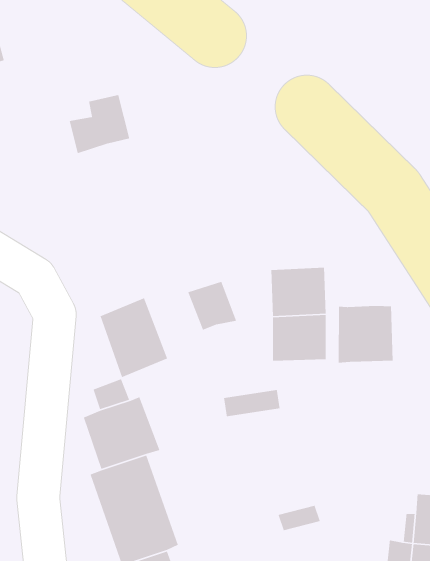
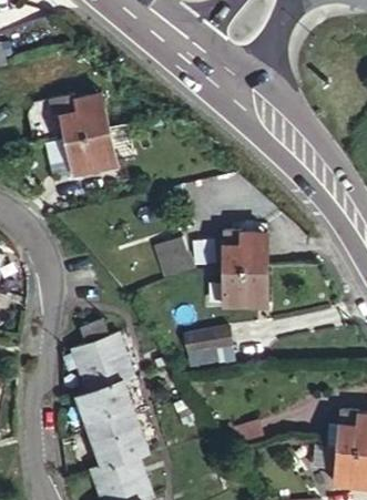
building: none -> [68,129,119,175]
building: [100,297,168,378] -> none
building: [338,305,393,363] -> none

